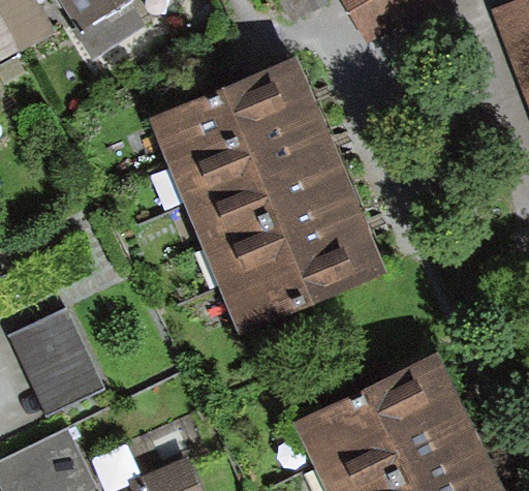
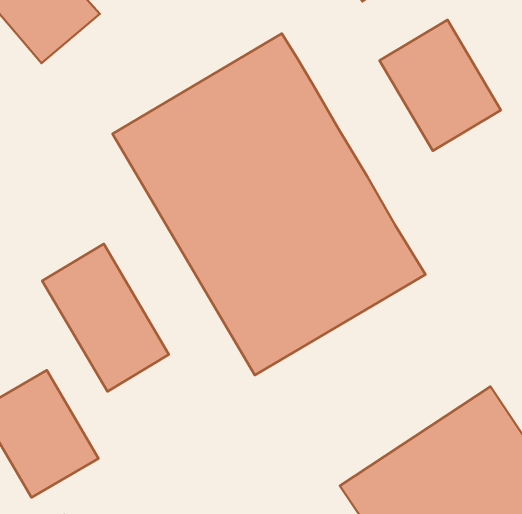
building: none -> [379,20,501,151]
building: none -> [42,244,169,392]

